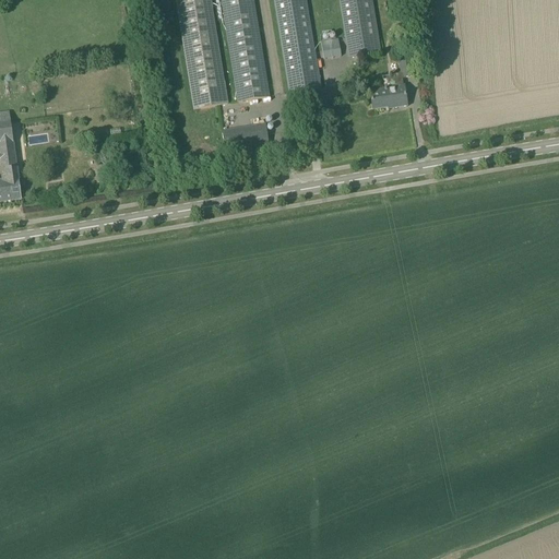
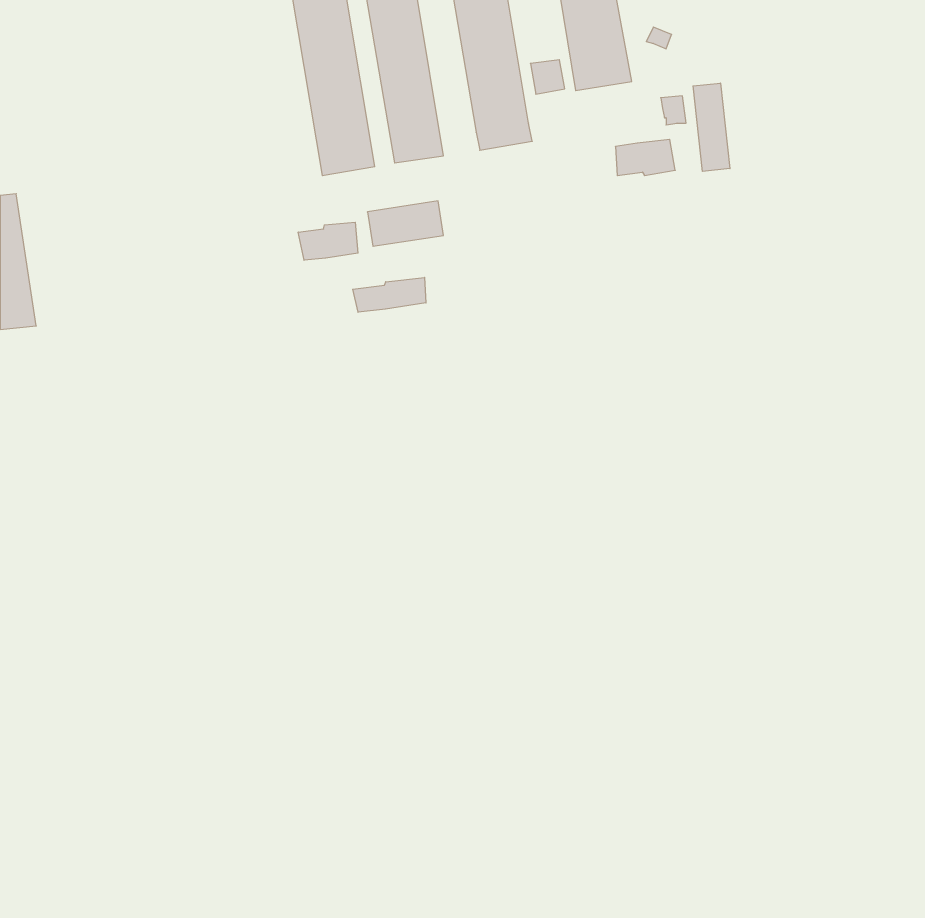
building: none -> [693,83,730,171]
building: none -> [298,222,358,260]
building: none -> [353,277,426,312]

